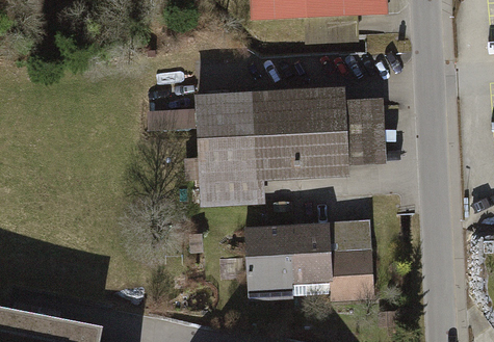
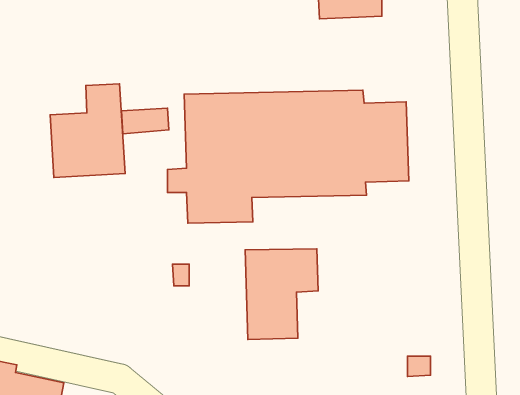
building: none -> [50,84,125,177]
building: [286,218,371,293] -> none

